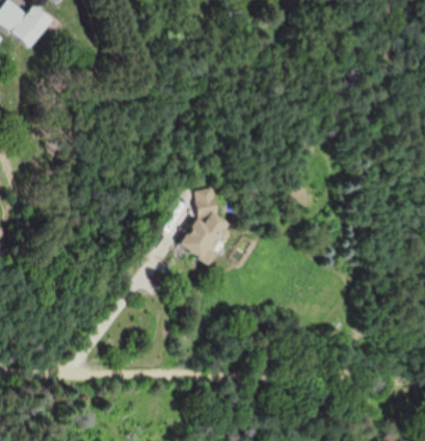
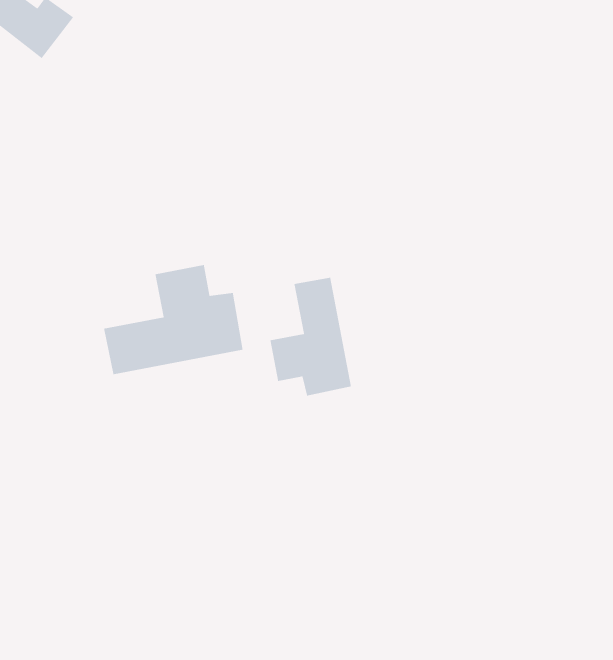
building: none -> [103,264,243,375]

